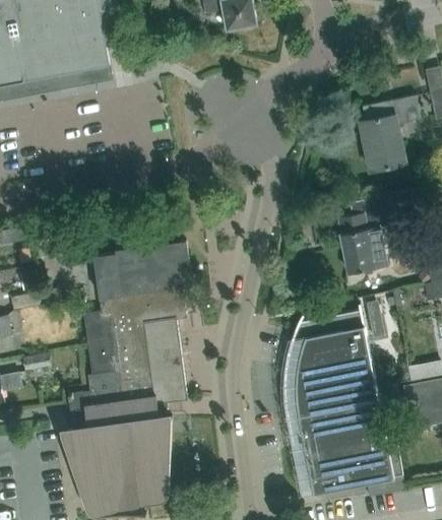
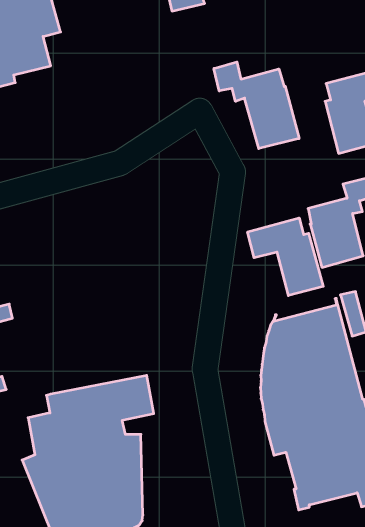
building: none -> [214,62,299,149]
building: none -> [248,218,323,296]
building: [84,242,192,374] -> none

